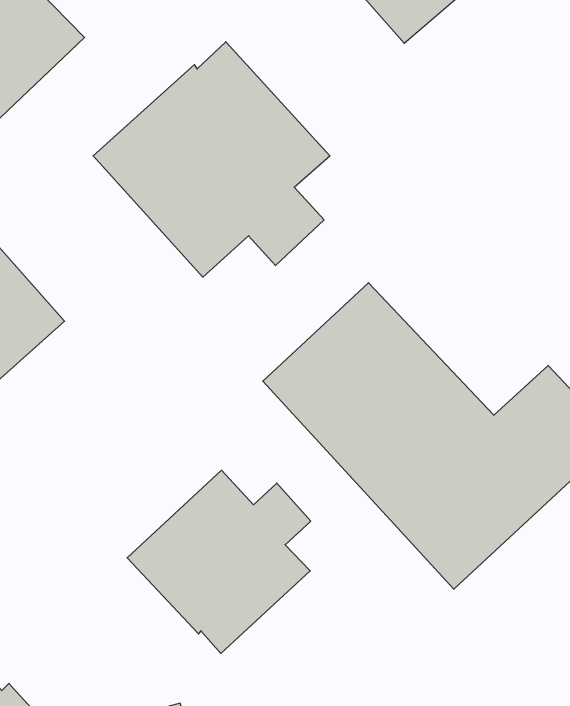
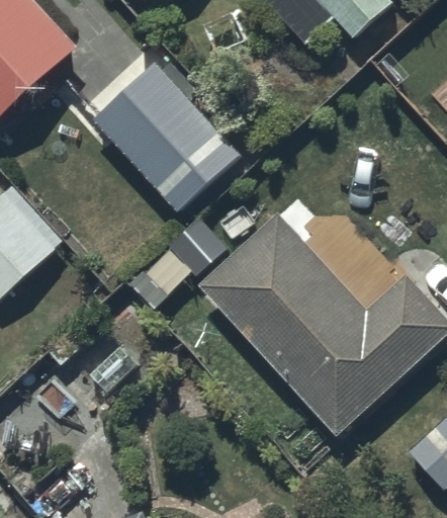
building: [127,470,311,653] -> none

